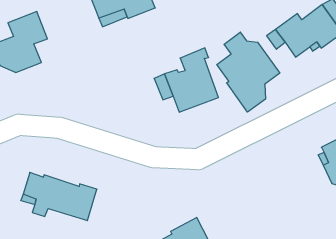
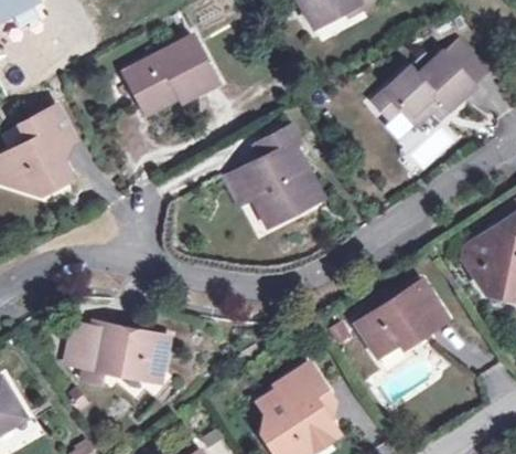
building: [217,32,280,112] -> none
building: none -> [356,278,448,353]

